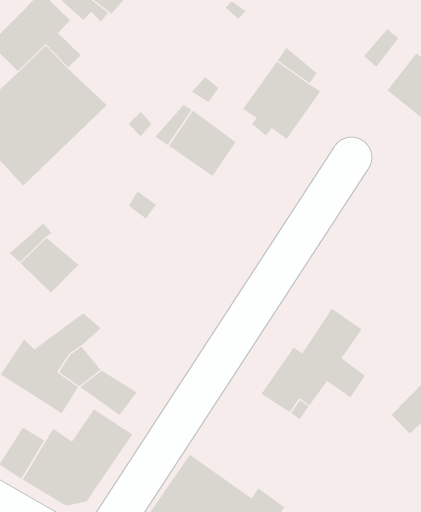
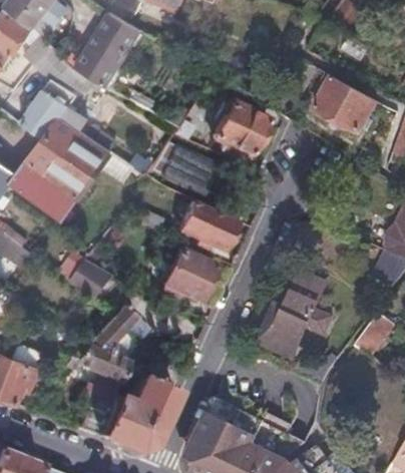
building: none -> [178,201,235,252]
building: none -> [156,250,214,302]

